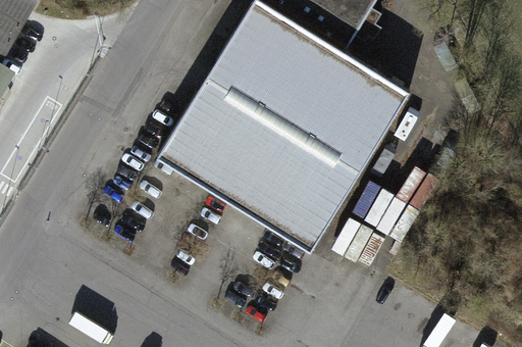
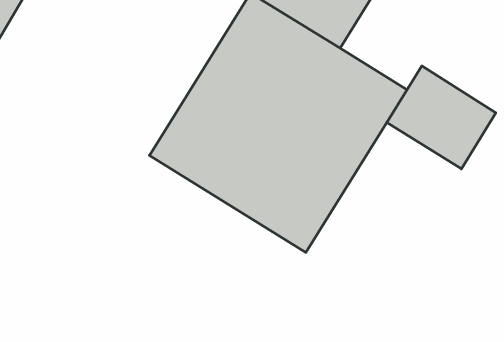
building: none -> [387,66,496,169]

